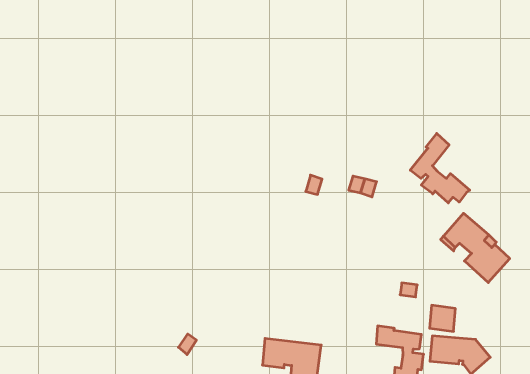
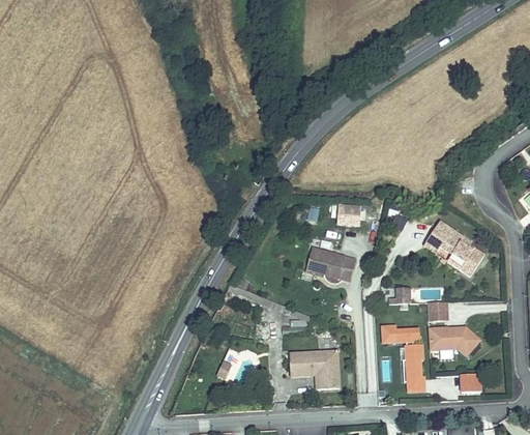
building: [410,133,470,203] -> none
building: none -> [307,245,358,280]

